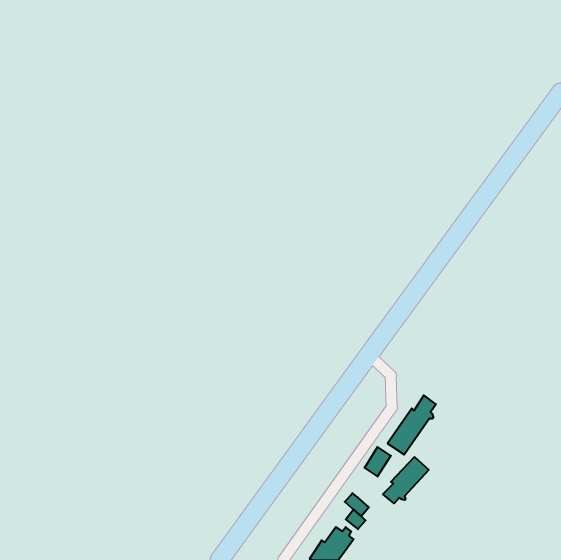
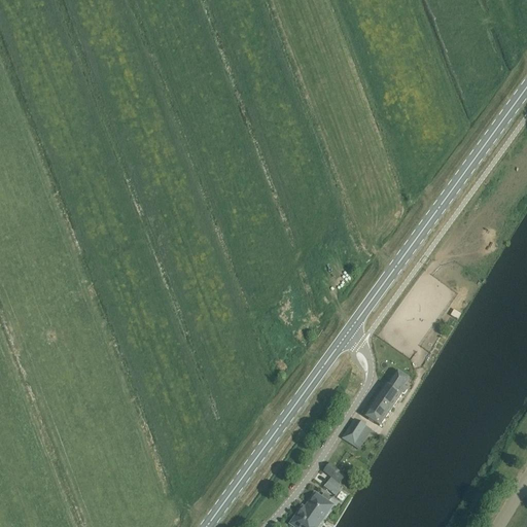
building: [383,457,429,503] -> none

